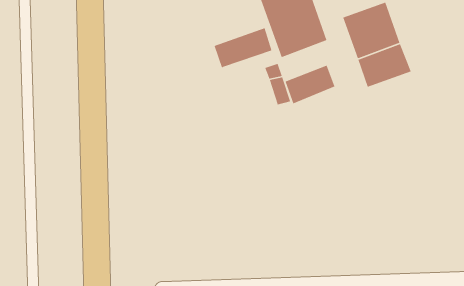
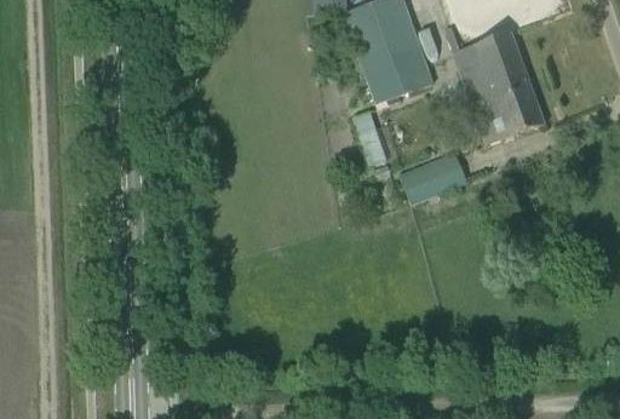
building: [213,27,272,69] -> none
building: [284,65,335,104] -> [400,153,466,205]

